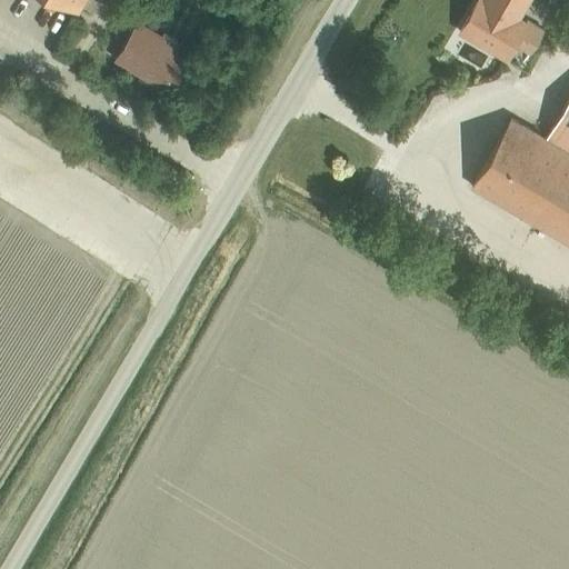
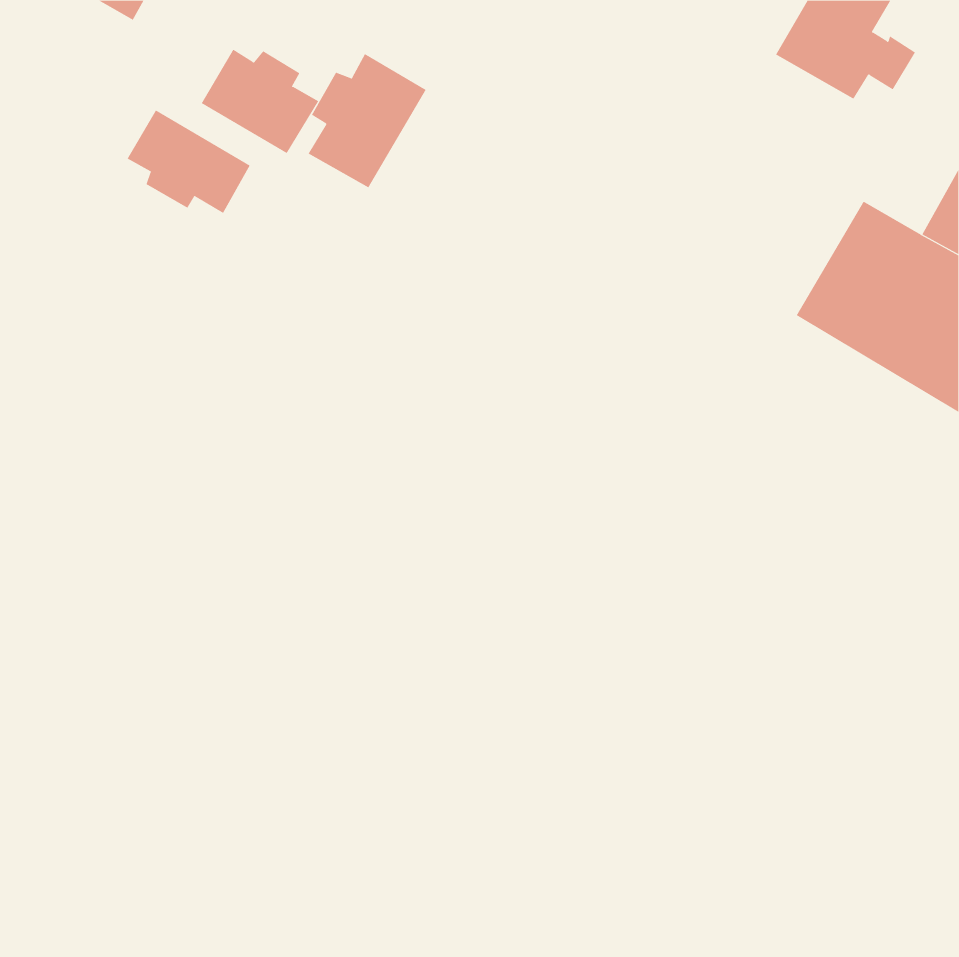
building: none -> [308,53,426,188]
building: none -> [127,109,251,214]

